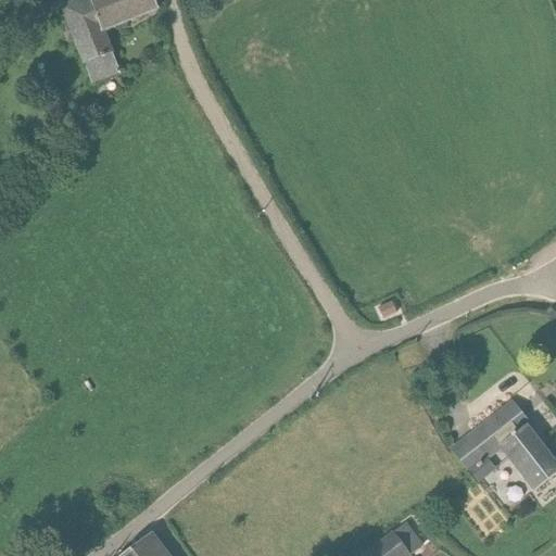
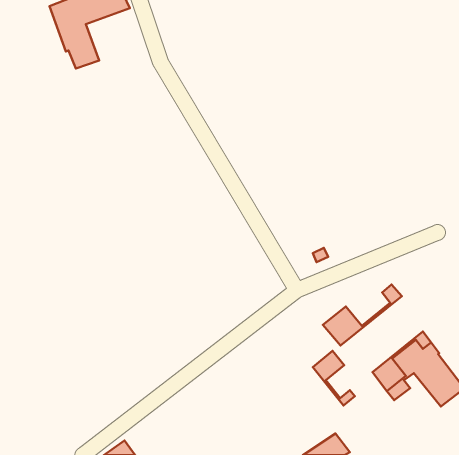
building: none -> [323,285,402,346]
building: none -> [313,351,355,406]

